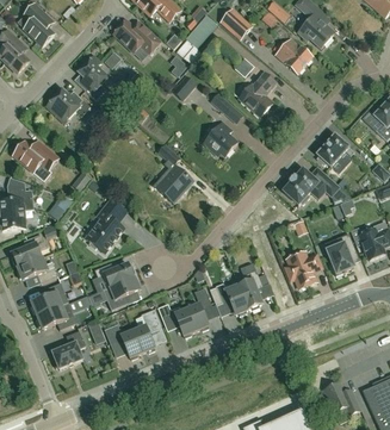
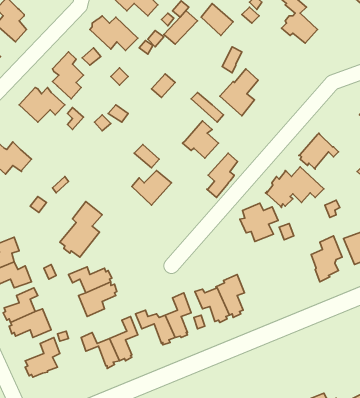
building: [276,37,312,74] -> none
building: none -> [207,153,238,197]
building: [284,251,321,288] -> [240,203,278,242]

